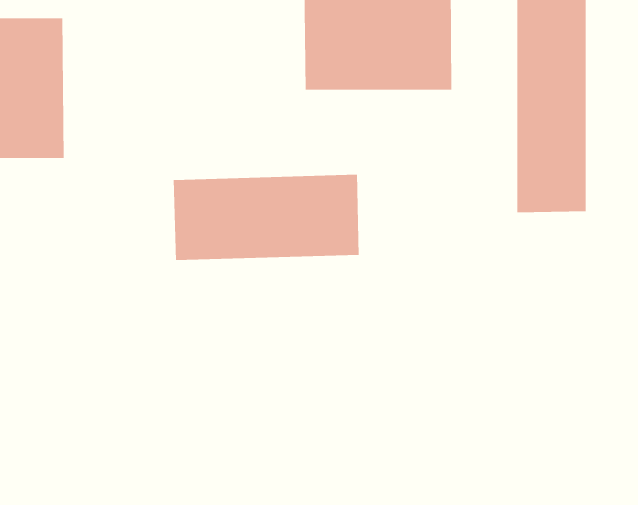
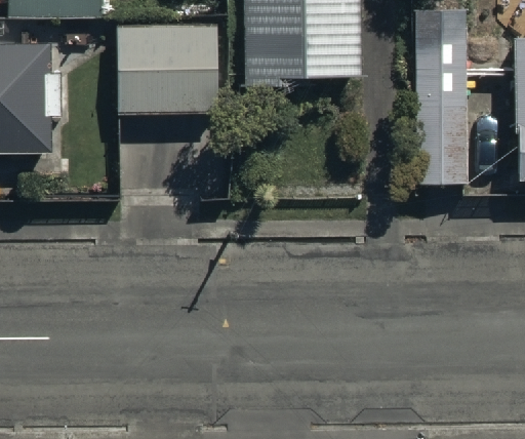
building: none -> [115,24,220,116]
building: [173,174,359,261] -> none

